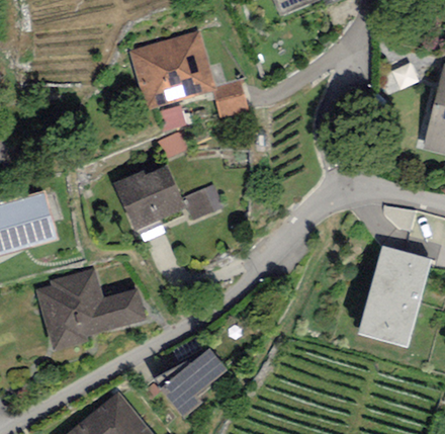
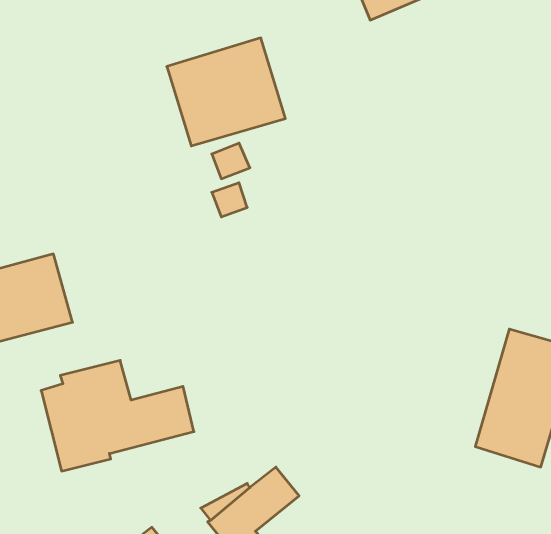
building: [214,84,251,120] -> none
building: [112,165,185,230] -> none
building: [185,184,224,219] -> none

